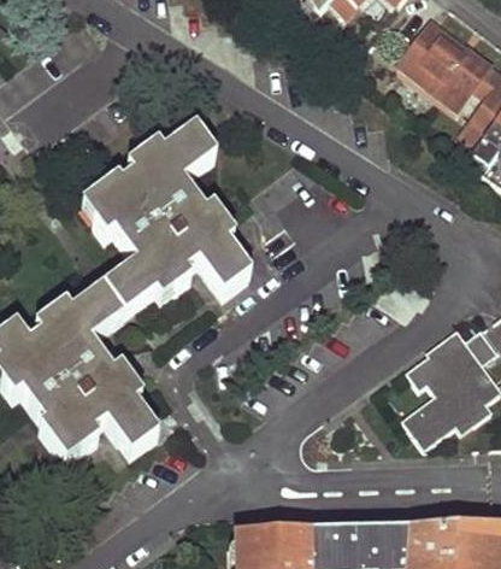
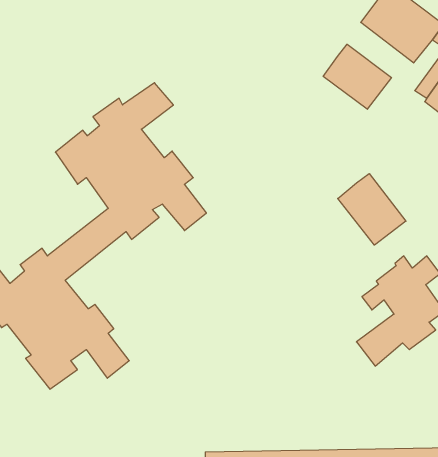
building: none -> [323,44,391,109]
building: none -> [338,174,406,245]

